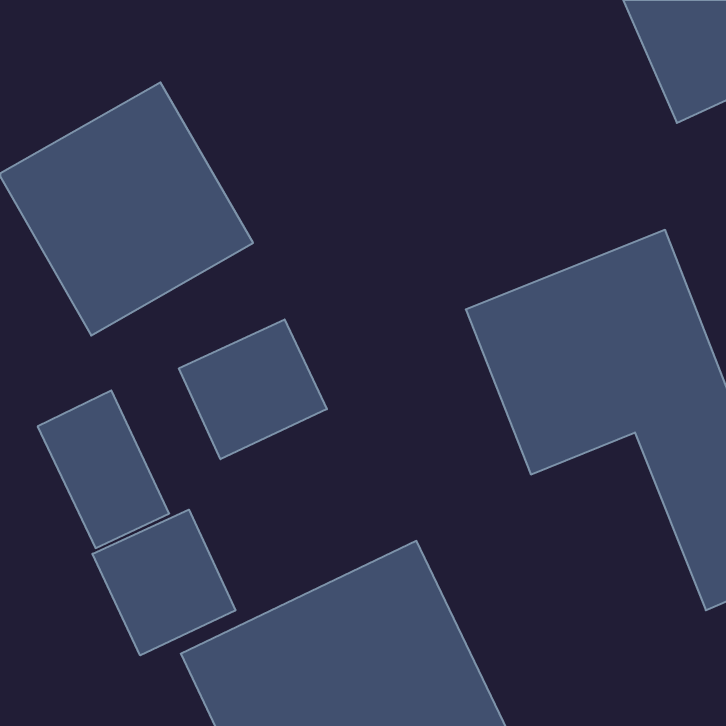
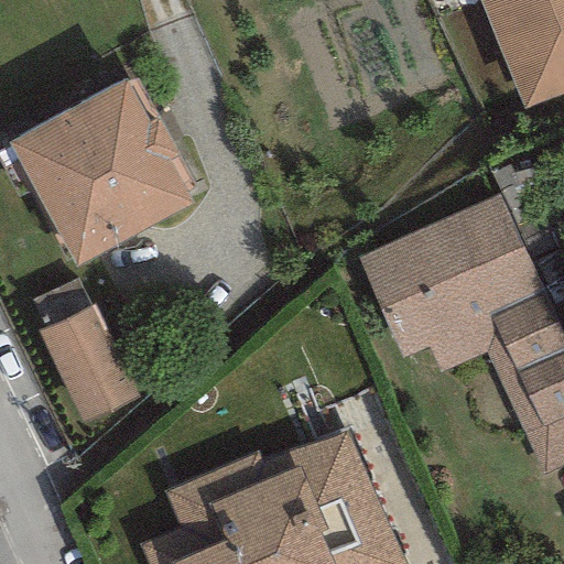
building: [179,319,327,459] -> none
building: [92,510,235,655] -> none

